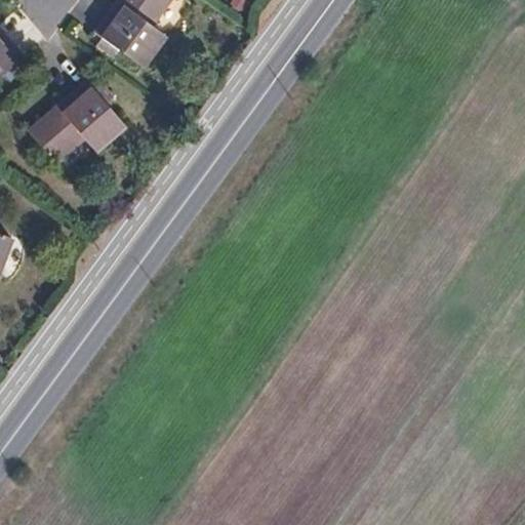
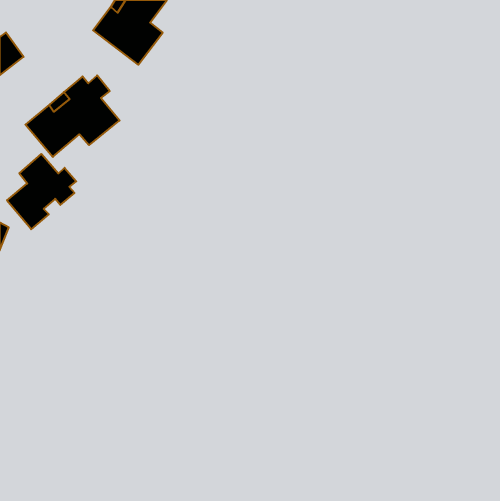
building: none -> [7,154,76,229]

